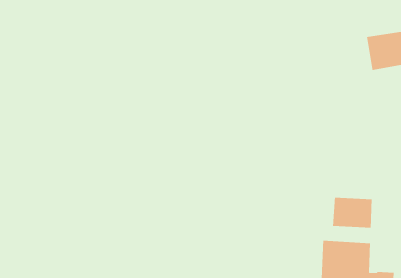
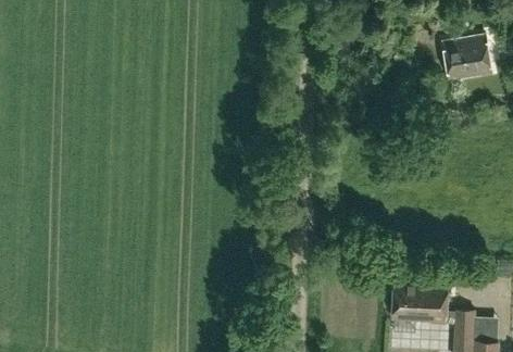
building: [332,197,372,229] -> none

